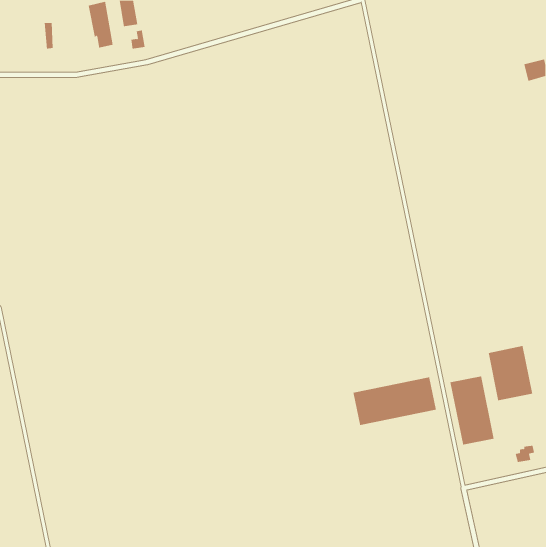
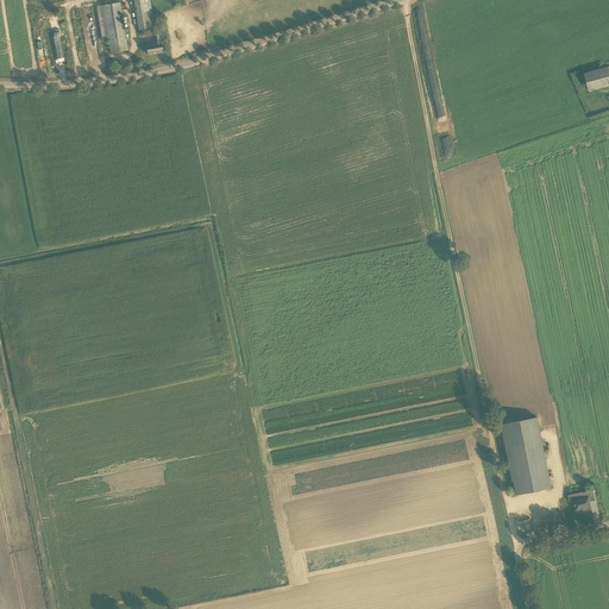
building: [488,345,533,401] -> none
building: [353,376,436,426] -> none

